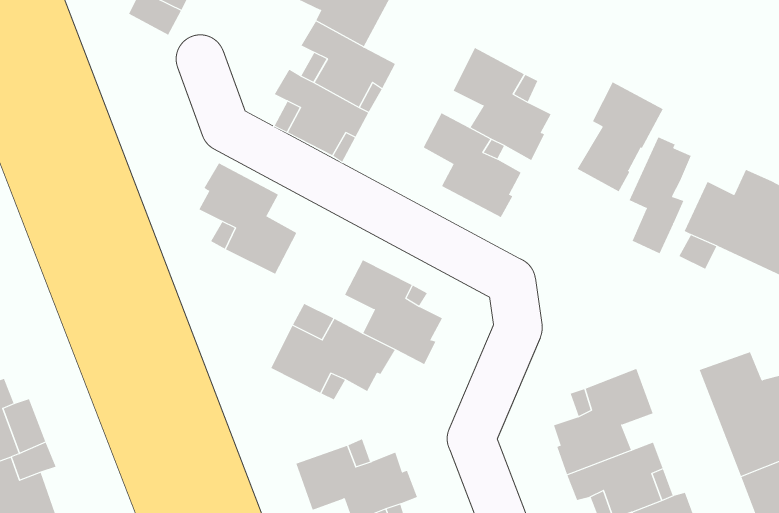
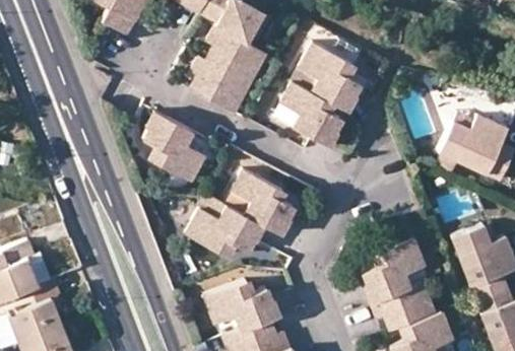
building: [577,82,664,192] -> none
building: [629,136,691,254] -> none

